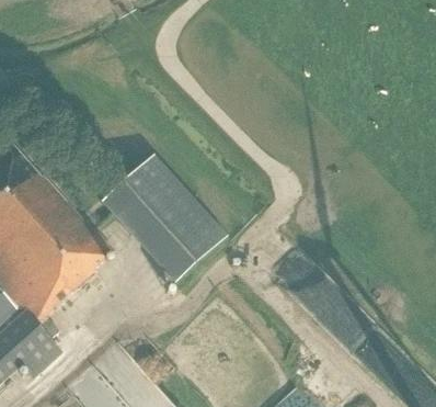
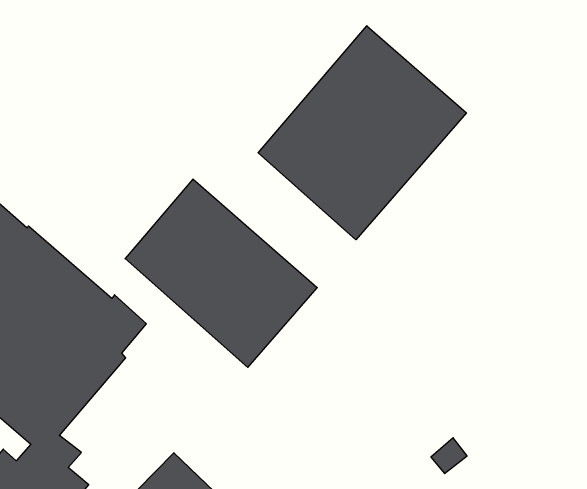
building: none -> [258,26,466,240]

